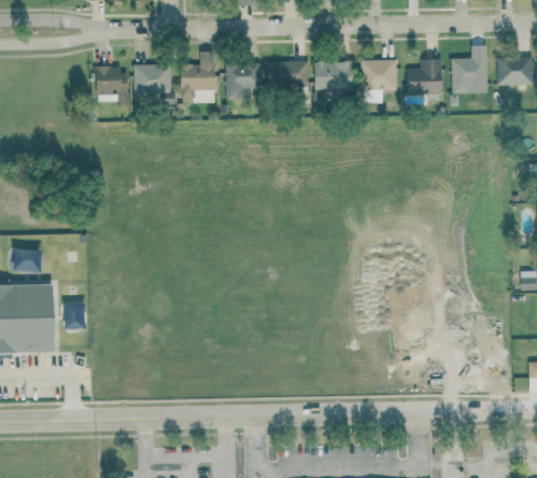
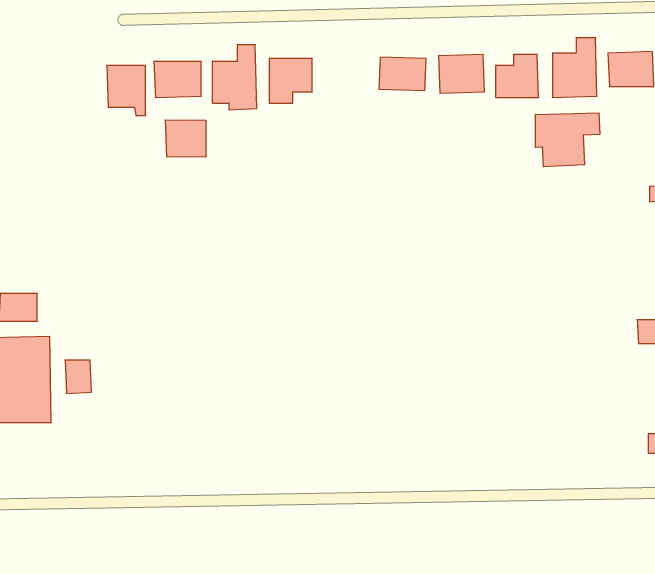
building: [267,60,310,88] -> none
building: none -> [536,113,600,167]
building: none -> [165,120,206,157]

